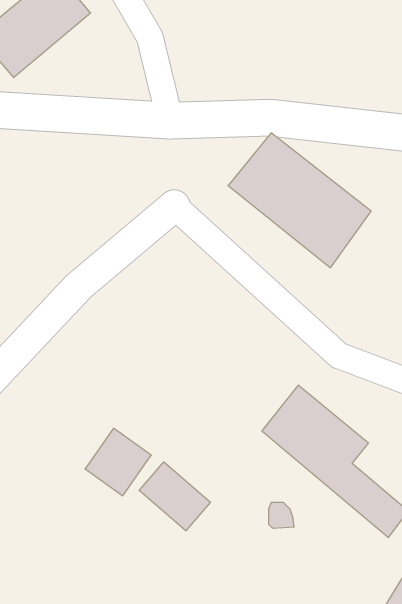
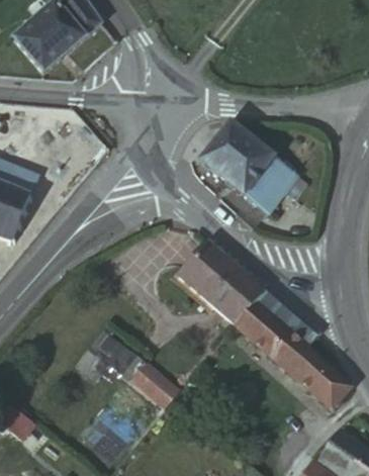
building: none -> [175,250,258,331]

